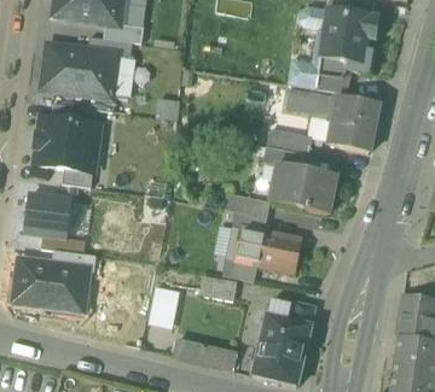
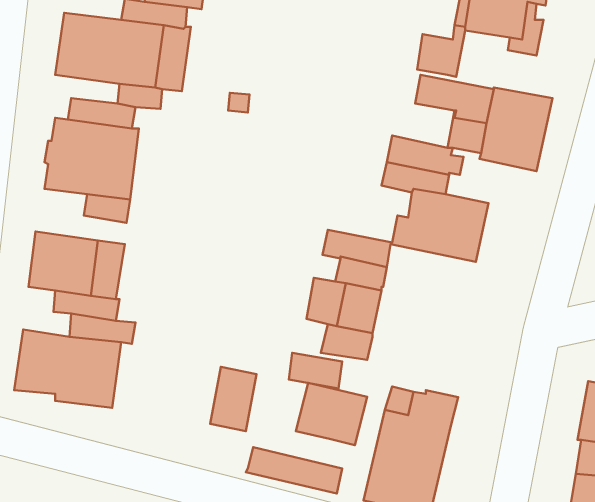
building: [314,57,350,93] -> none
building: [257,230,301,271] -> none
building: none -> [296,383,367,445]

